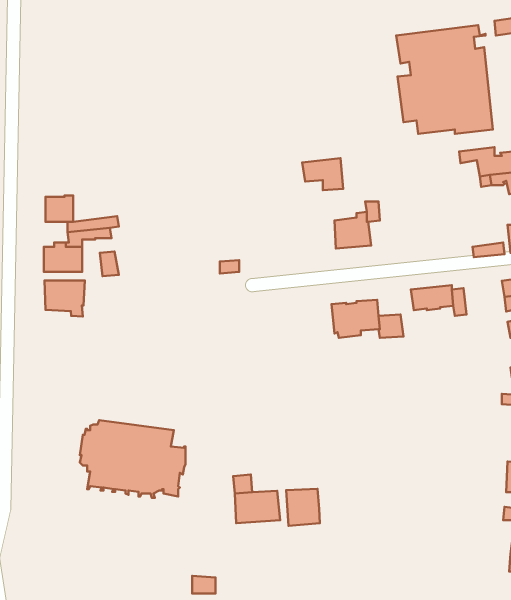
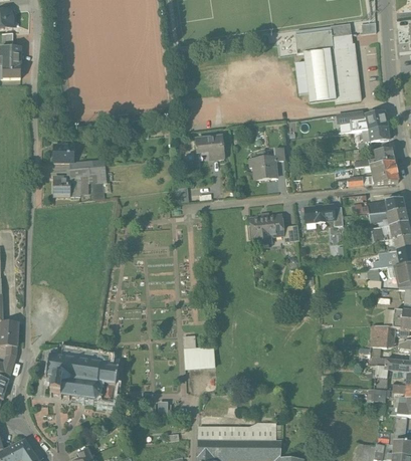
building: [302,158,343,190] -> [195,136,223,158]
building: [45,280,85,316] -> none
building: [80,420,186,498] -> [45,350,118,403]
building: [286,489,320,526] -> none

